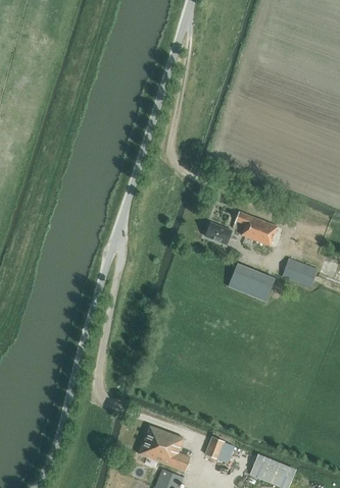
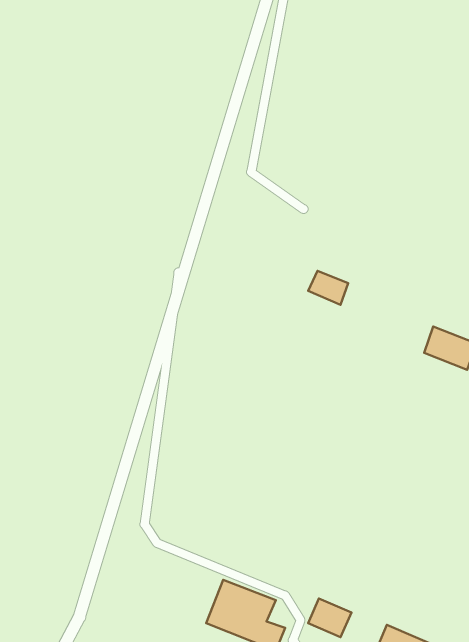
building: [234,211,277,245] -> none
building: [228,262,275,301] -> none

